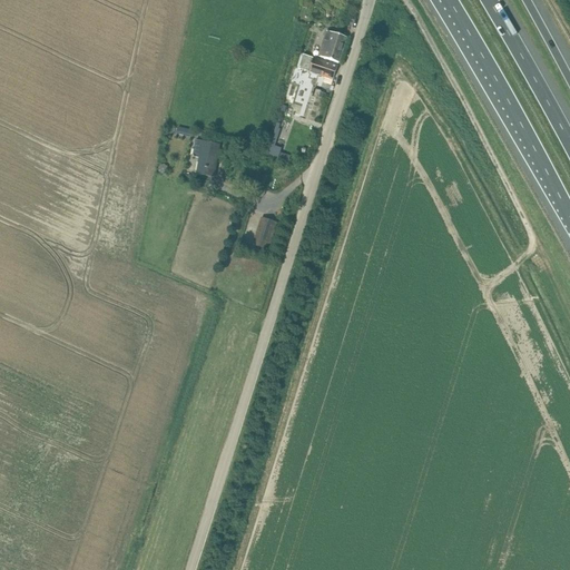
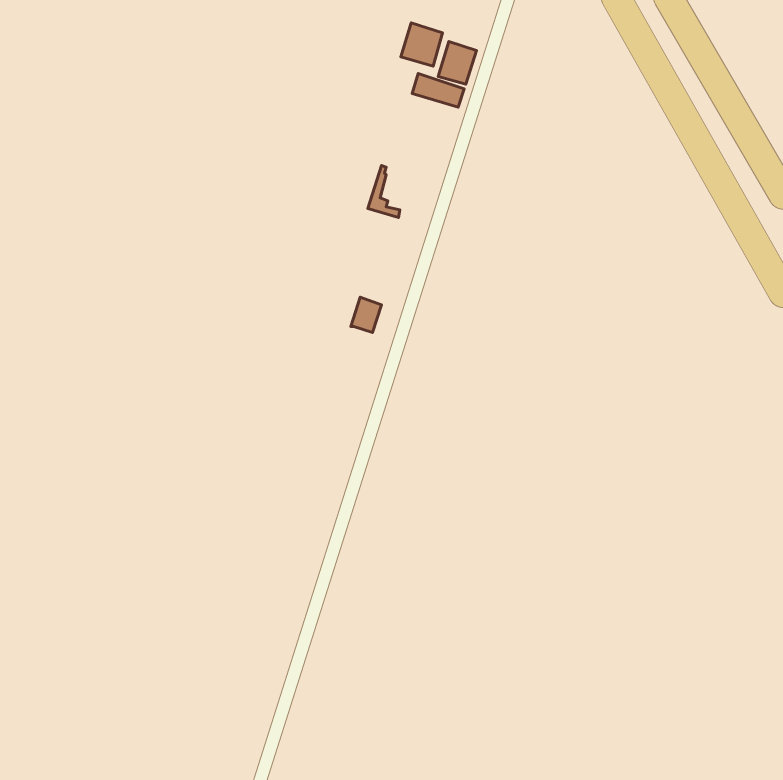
building: none -> [401,23,443,66]
building: [193,139,219,176] -> none

